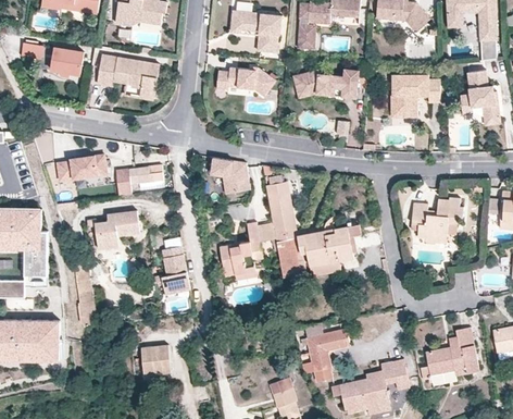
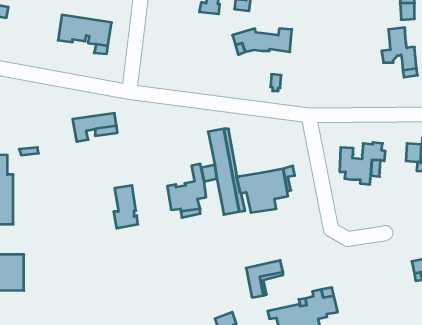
building: [51,47,83,75] -> none
building: [214,66,274,97] -> none
building: [389,73,439,115] -> none
building: [55,155,105,181] -> none
building: [211,158,250,193] -> none
building: [93,211,139,251] -> none
building: [426,326,478,375] -> none
building: [139,344,170,375] -> none

